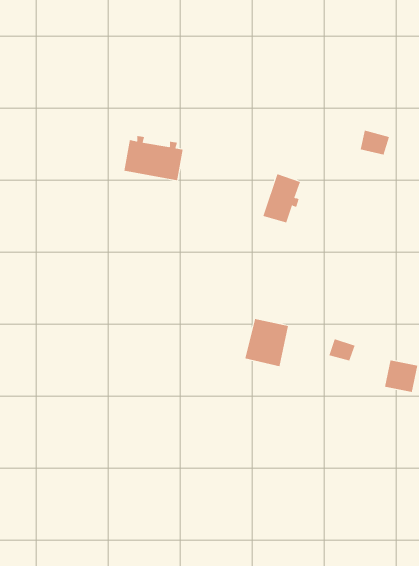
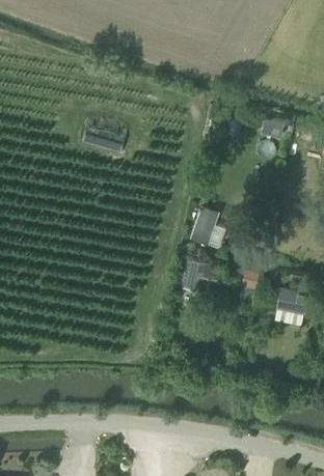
building: [263,173,301,223] -> [190,209,218,246]

